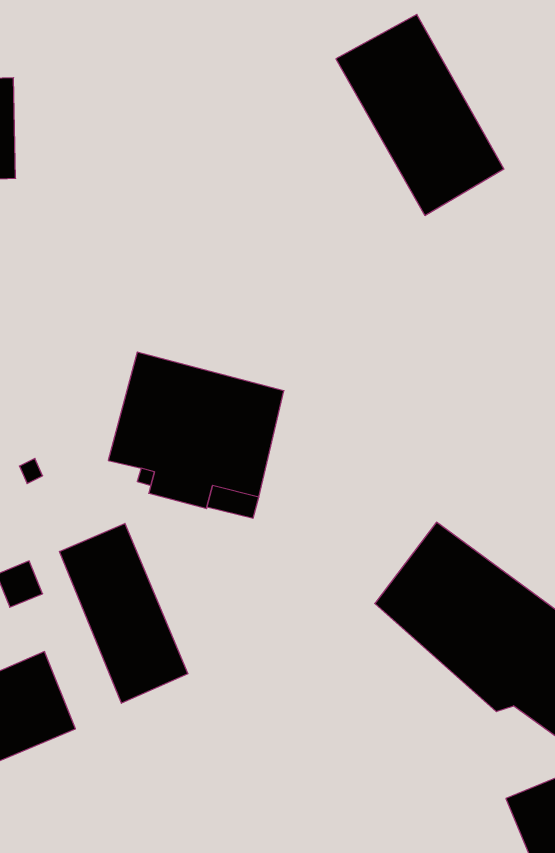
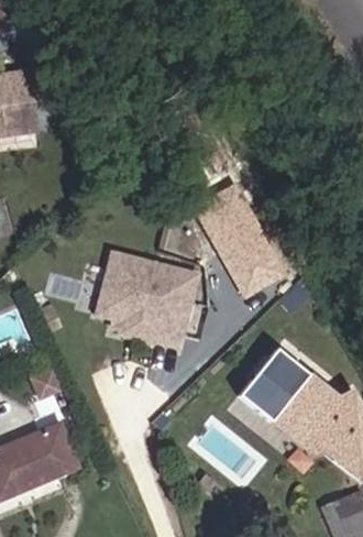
building: [336,14,504,215] -> [190,180,286,295]
building: [60,523,188,703] -> none

